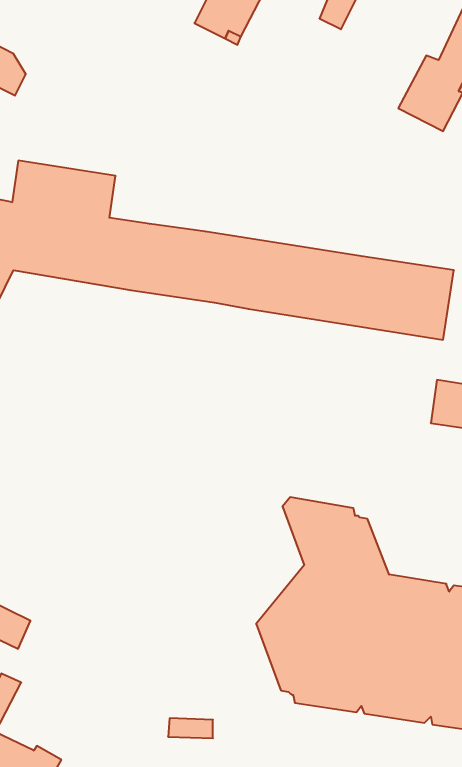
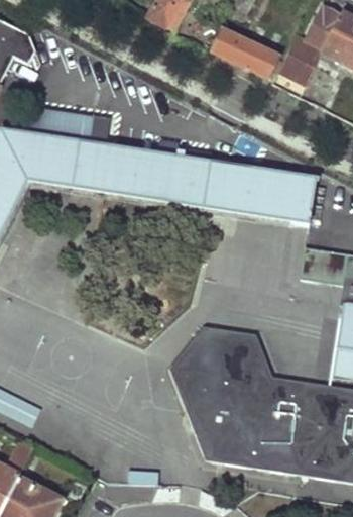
building: none -> [211,27,277,78]
building: none -> [170,324,218,408]

